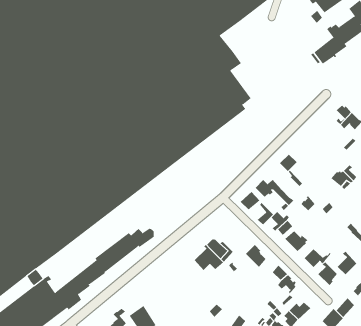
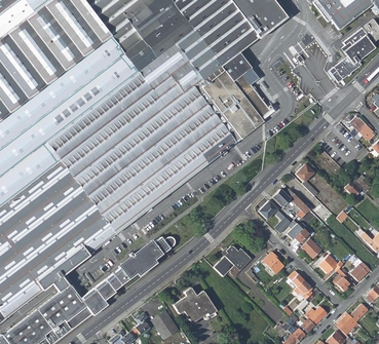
building: none -> [173,288,216,322]

